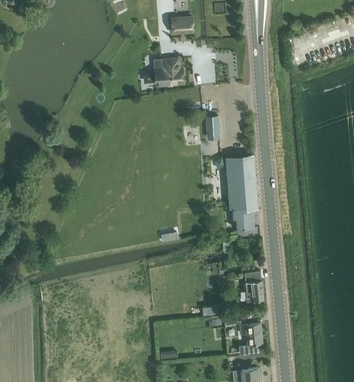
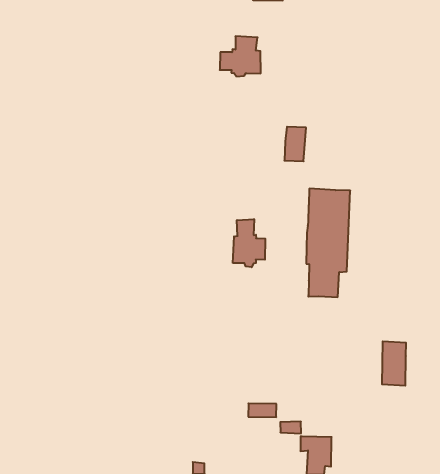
building: none -> [233,219,265,267]
building: [244,271,263,301] -> [382,341,406,386]

